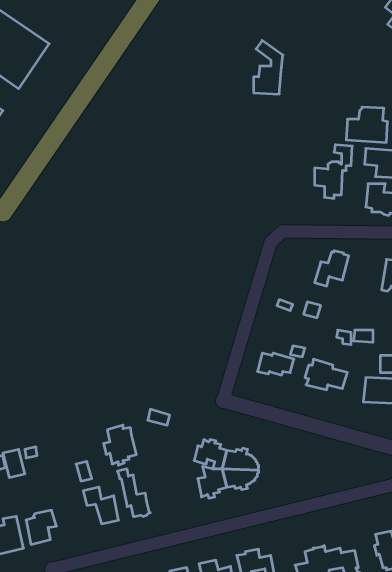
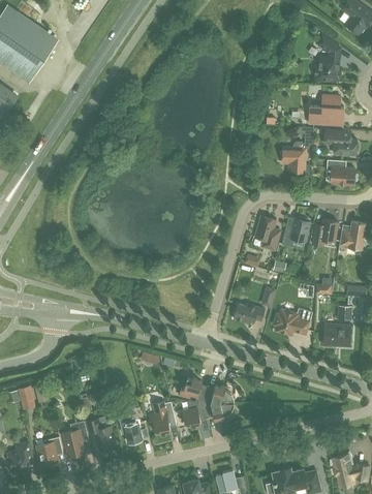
building: [254,40,283,94] -> [314,34,339,80]
building: none -> [254,215,278,249]
building: none -> [311,218,337,245]
building: [104,425,136,465] -> [148,399,176,433]
building: none -> [62,420,87,456]

